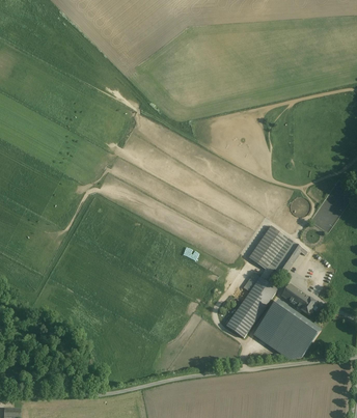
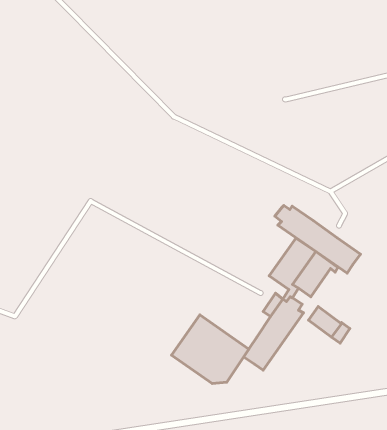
building: none -> [275,206,360,273]
building: [254,300,320,358] -> [172,315,249,383]

